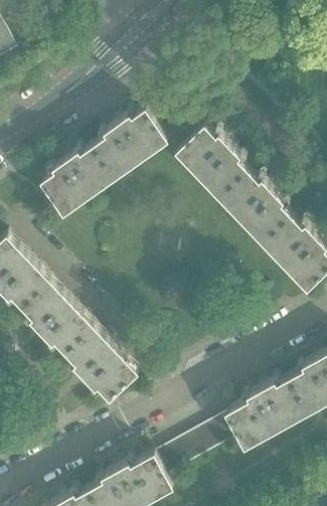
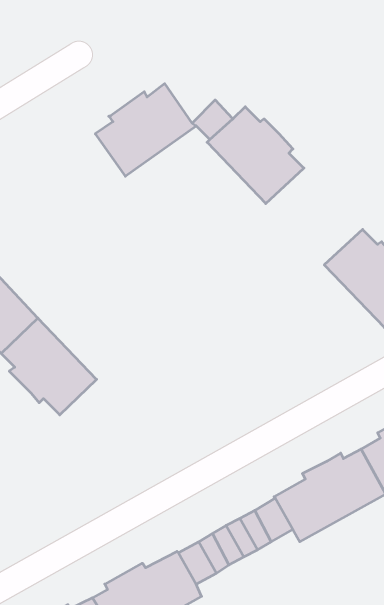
building: [40,149,115,216] -> none
building: [218,174,290,245] -> none
building: [66,330,137,401] -> none

